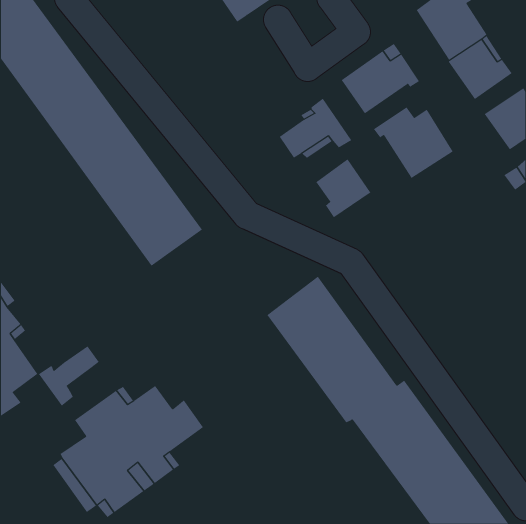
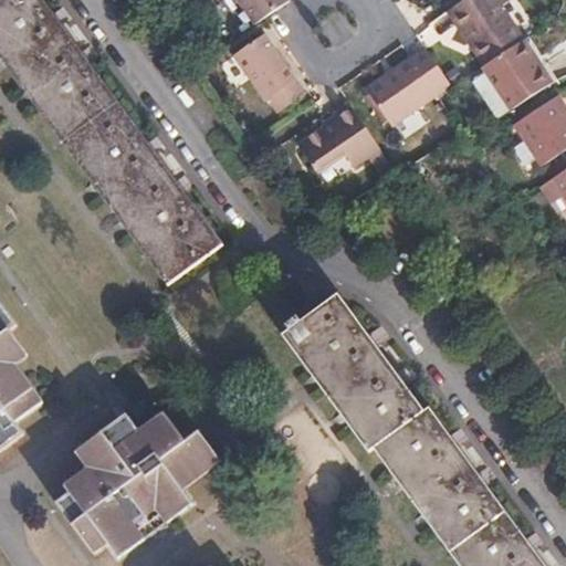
building: none -> [231,35,303,114]
building: [373,106,453,179] -> none
building: [316,159,371,218] -> none
building: [38,345,100,407] -> none

